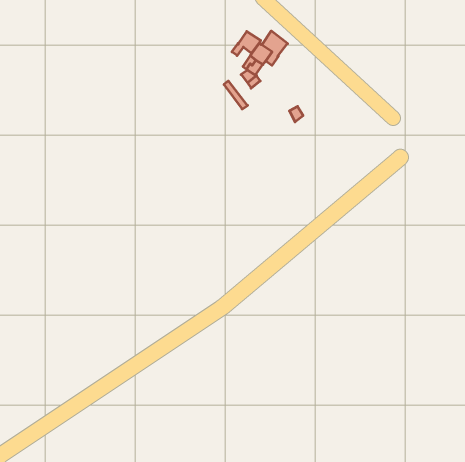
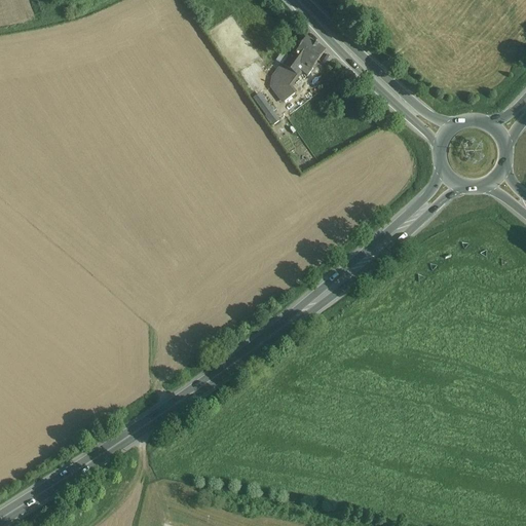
building: [232,31,261,56] -> none

